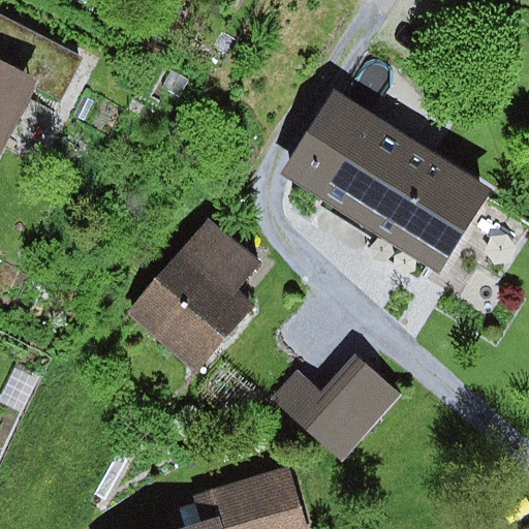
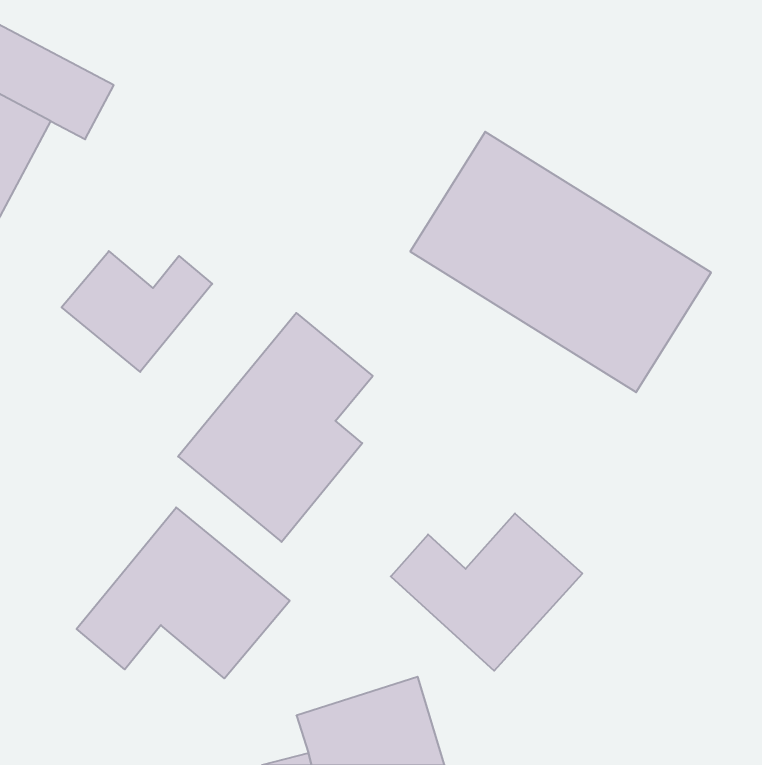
building: none -> [62,251,212,372]
building: none -> [77,507,290,678]

